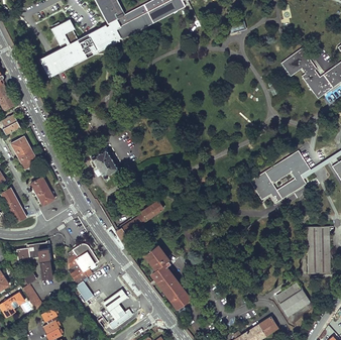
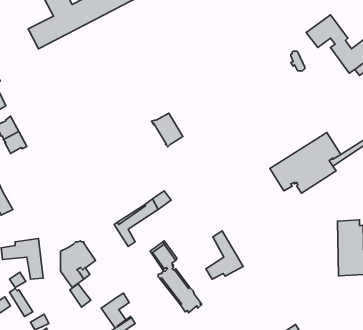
building: [91,148,118,178] -> [151,113,183,147]
building: [30,176,55,207] -> none
building: none -> [206,231,243,279]
building: [276,281,311,316] -> none

